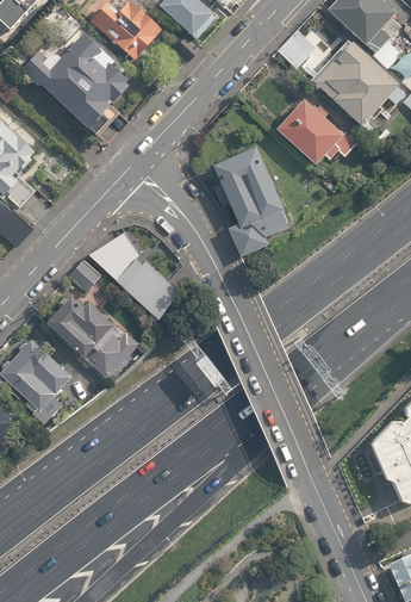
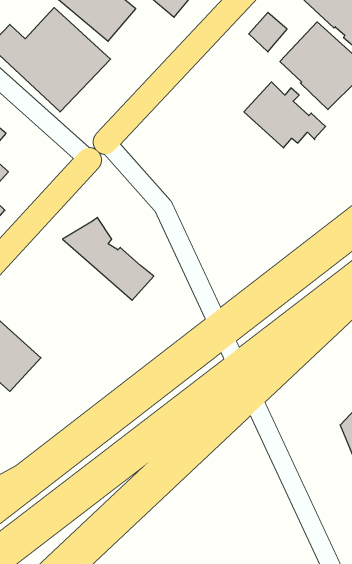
building: [207,148,282,259] -> none
building: [68,259,101,292] -> none
building: [48,297,136,380] -> none

